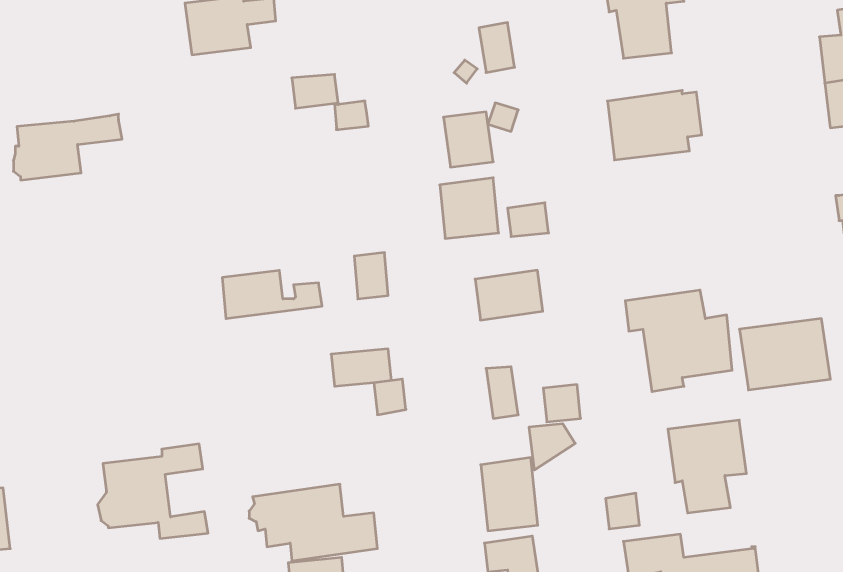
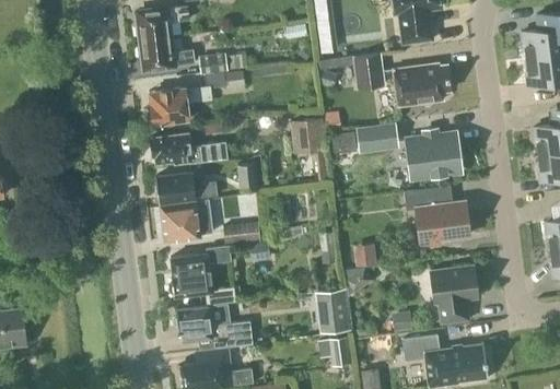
building: none -> [138,37,195,73]
building: [443,112,493,167] -> [353,55,384,89]
building: [13,114,122,180] -> [147,85,213,126]
building: none -> [150,134,228,165]
building: [475,270,543,320] -> [357,122,398,153]
building: none -> [159,199,213,243]
building: [739,319,830,390] -> [406,134,462,178]
building: [98,444,208,538] -> [168,247,236,305]

